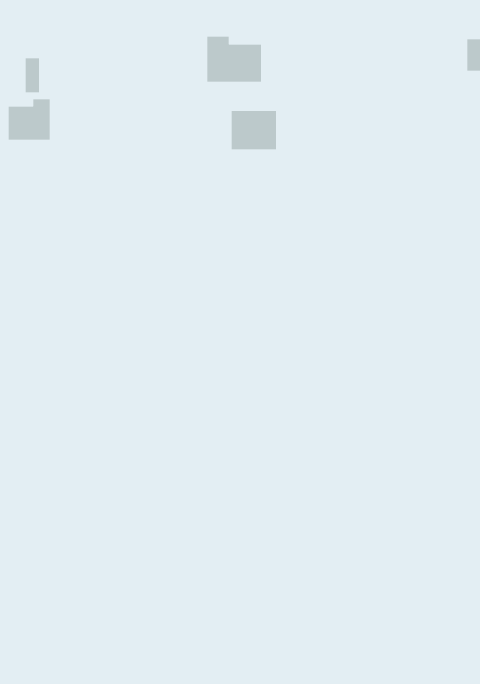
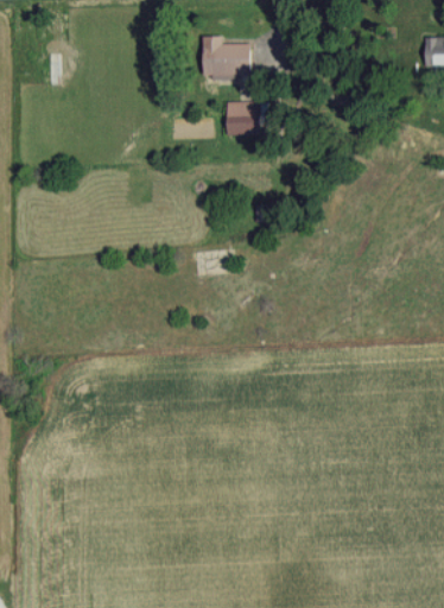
building: [8,99,50,140] -> none

